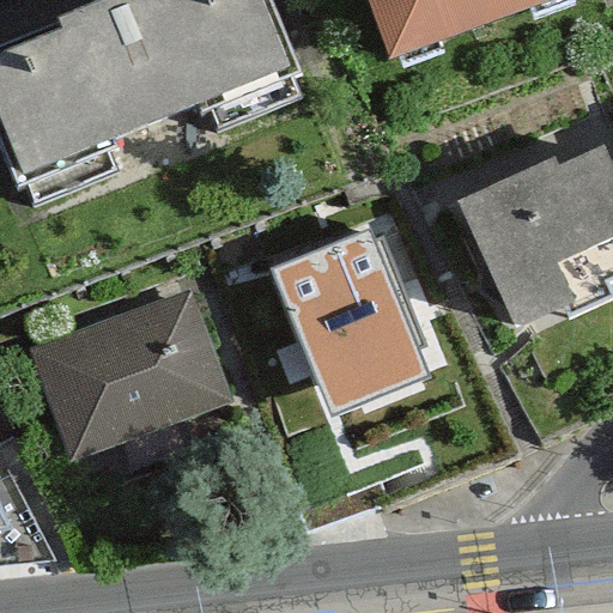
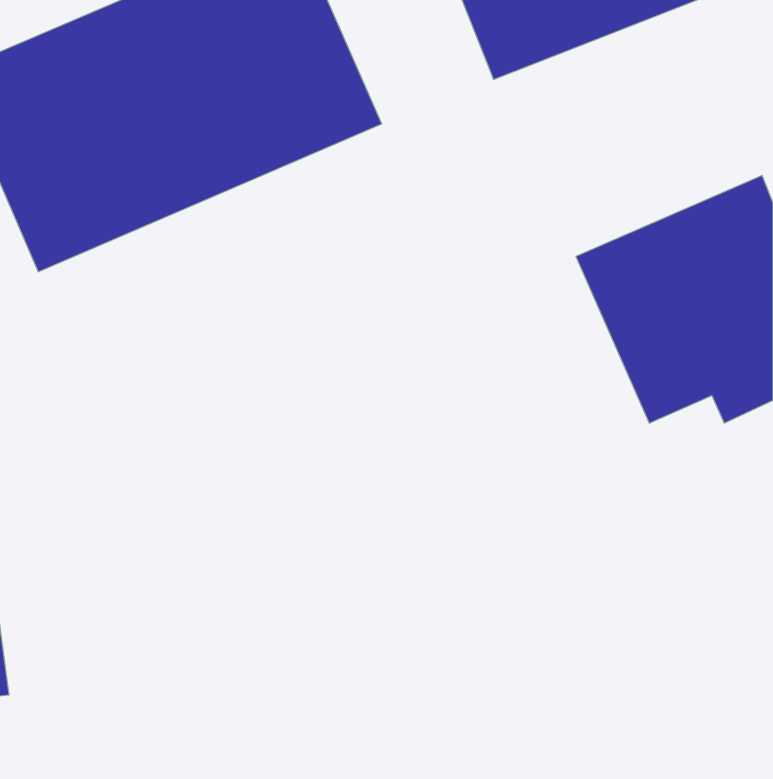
building: [271,224,438,397] -> none
building: [44,286,235,454] -> none

